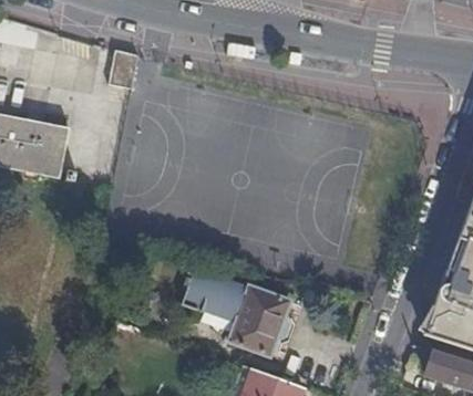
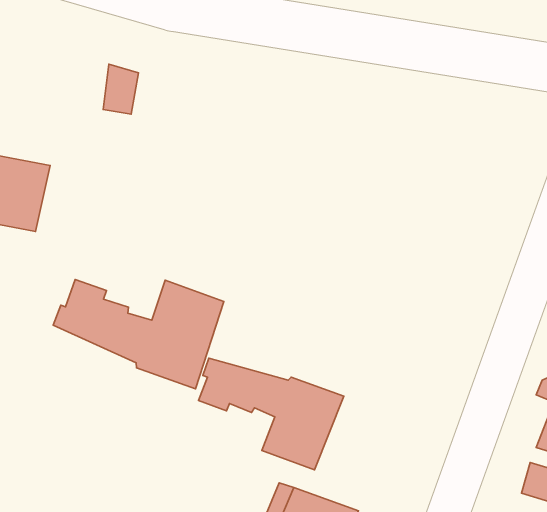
building: none -> [53,279,224,389]

